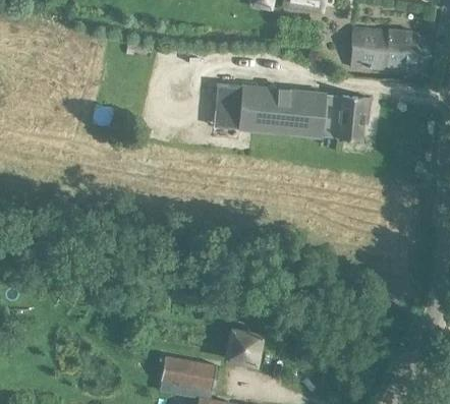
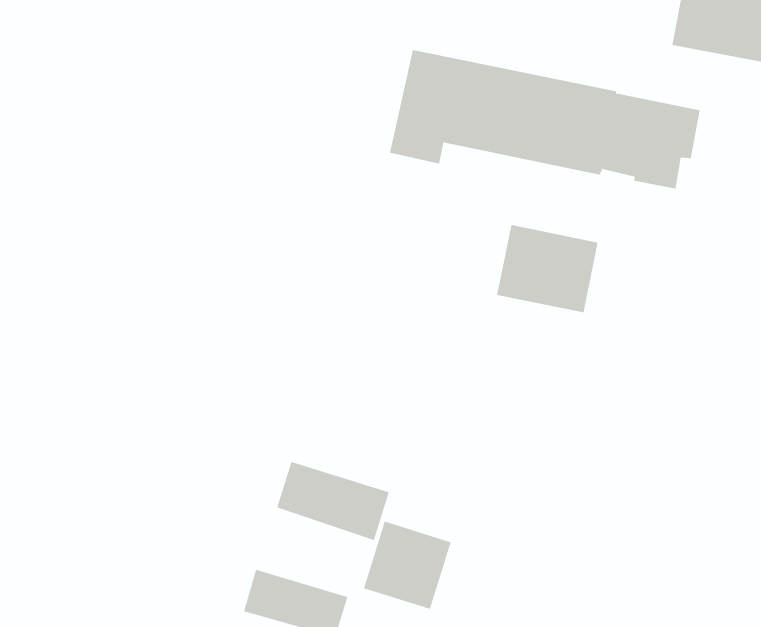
building: none -> [497,224,598,313]
building: none -> [277,461,390,541]

